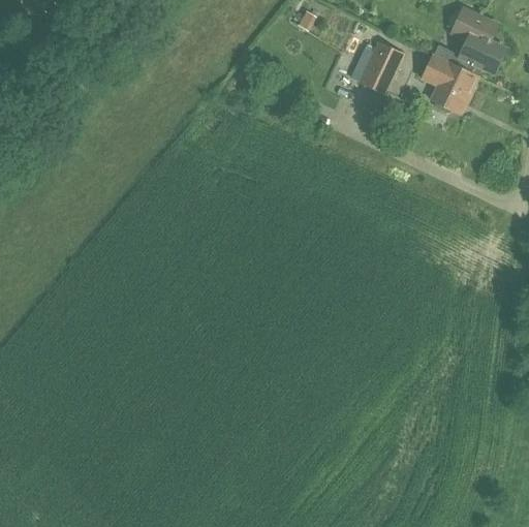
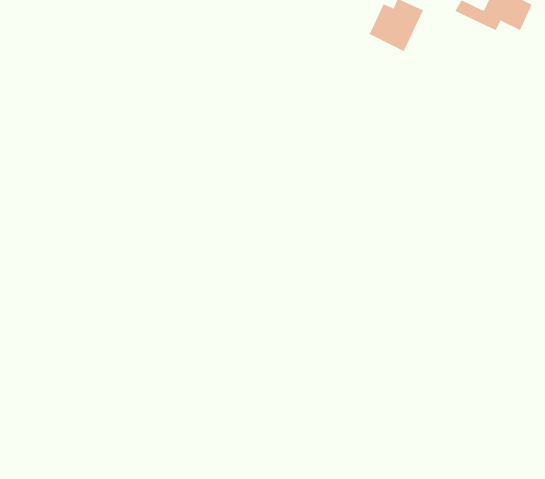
building: [423,54,477,111] -> none

